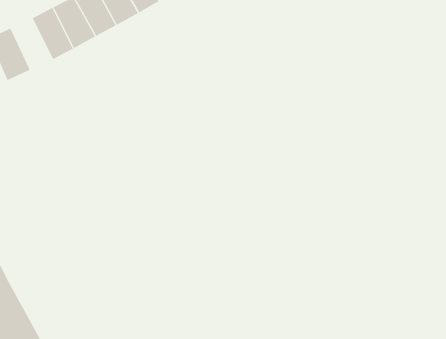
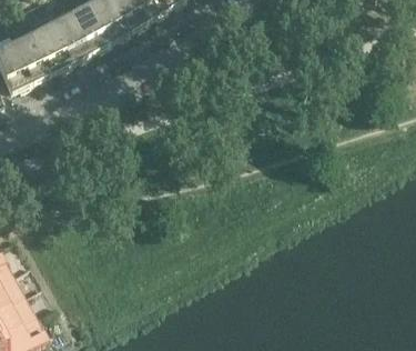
building: none -> [10,33,48,80]

